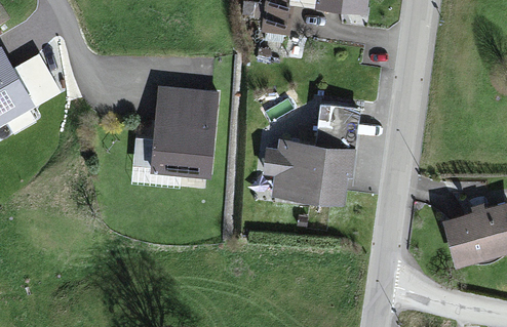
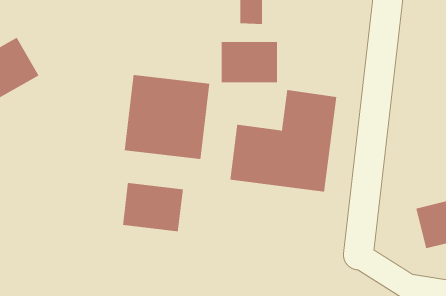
building: none -> [221,41,277,83]
building: none -> [122,182,183,232]

